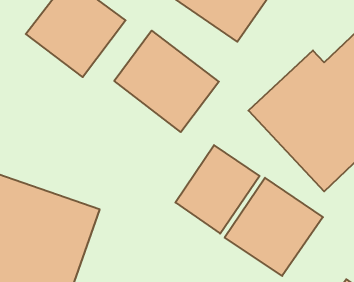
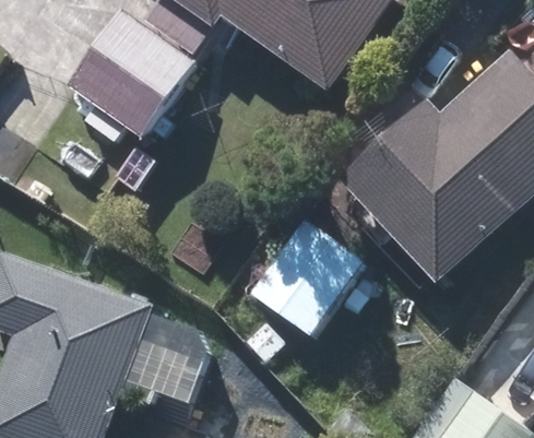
building: [114,31,219,132] -> none
building: [225,178,323,276] -> none

